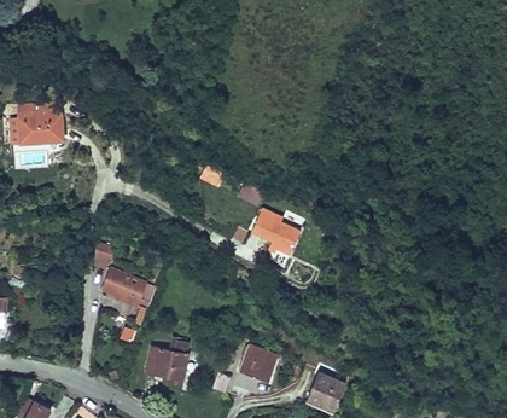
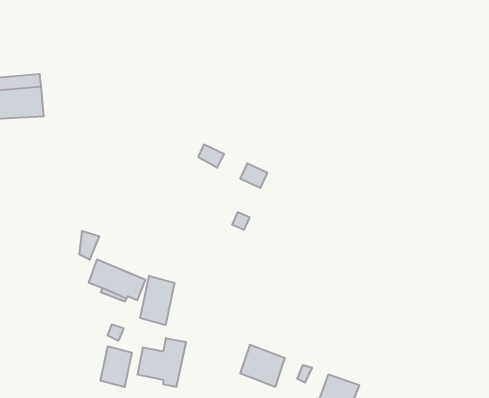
building: [252,209,301,254] -> none
building: none -> [140,276,175,325]
building: none -> [101,346,132,387]

